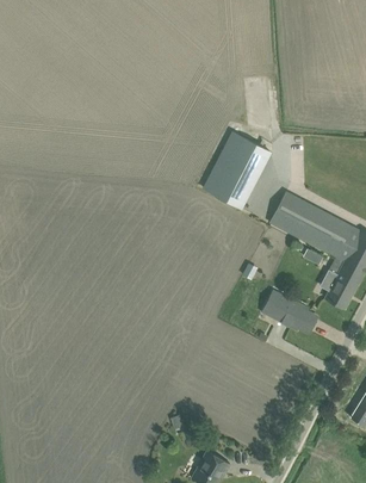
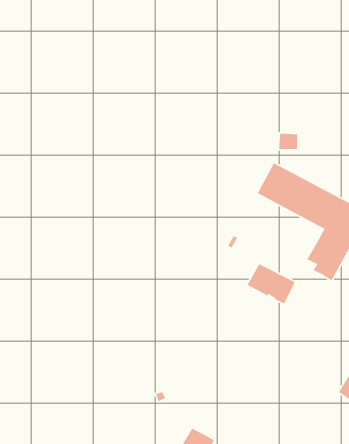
building: [203,130,269,206] -> none

